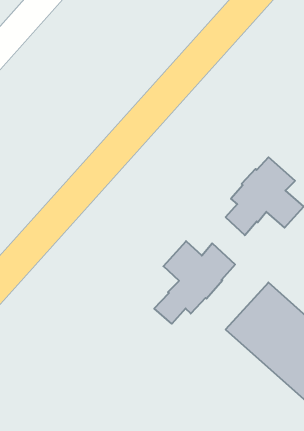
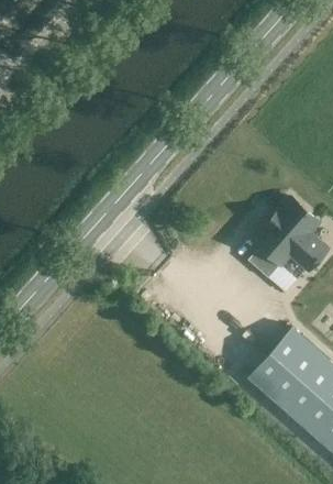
building: [154,241,235,324] -> none

